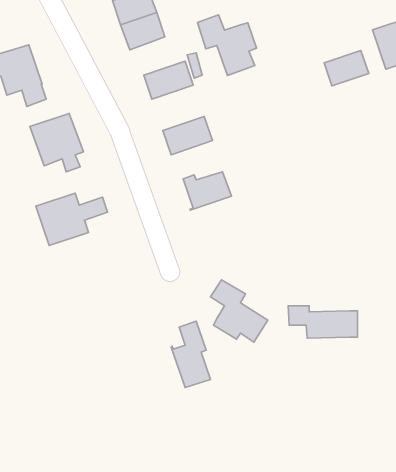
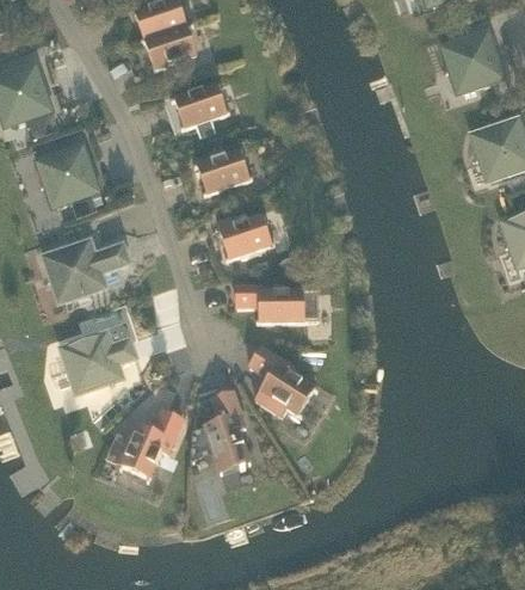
building: [197,15,256,75] -> none
building: [324,51,369,86] -> none
building: none -> [60,324,135,393]
building: [288,306,358,338] -> [234,283,316,321]
building: none -> [116,411,187,478]

